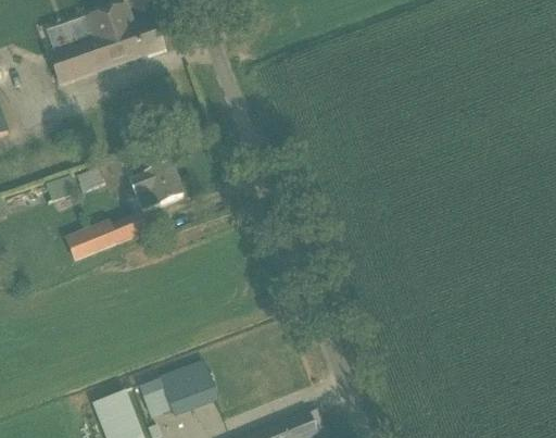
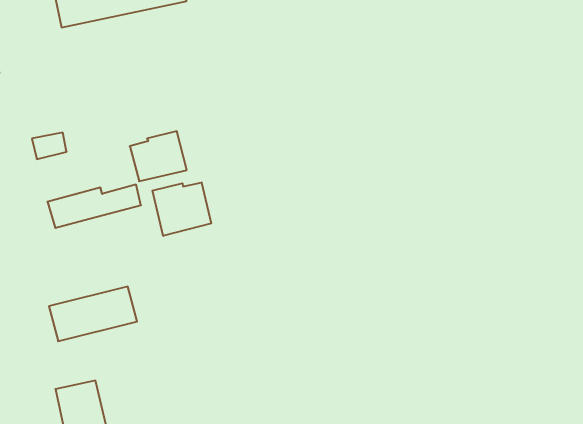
building: none -> [152,182,211,236]
building: [137,358,215,413] -> [49,287,137,341]

